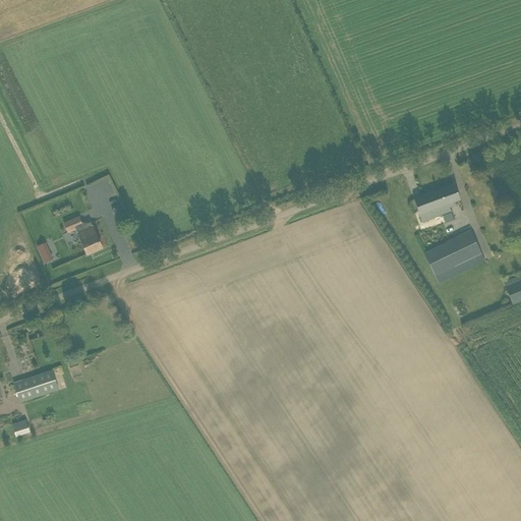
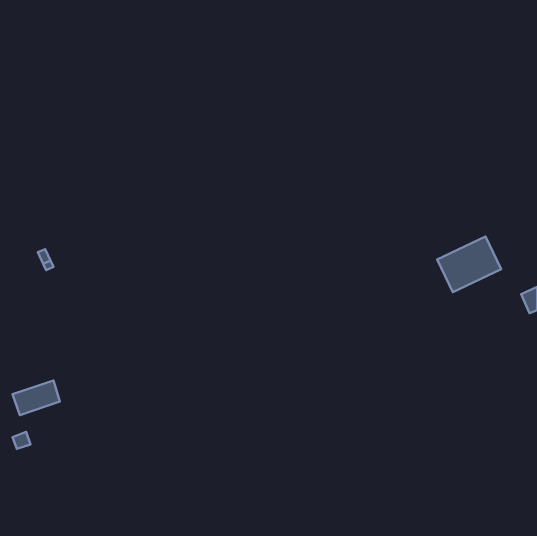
building: [413,183,460,223] -> none
building: [64,215,102,253] -> none

